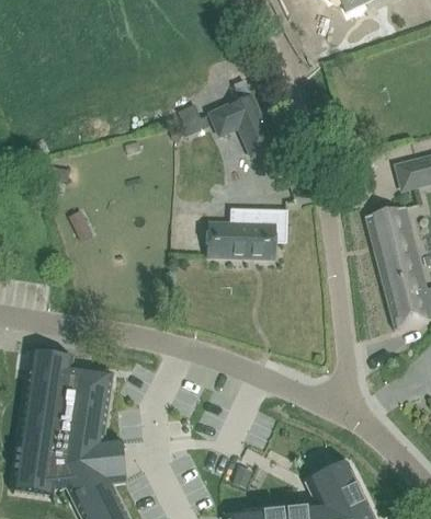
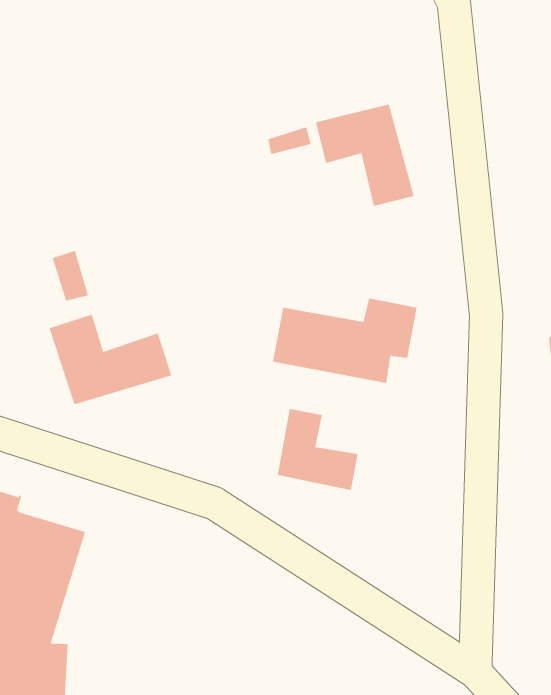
building: none -> [49,314,172,405]
building: none -> [277,408,358,491]

